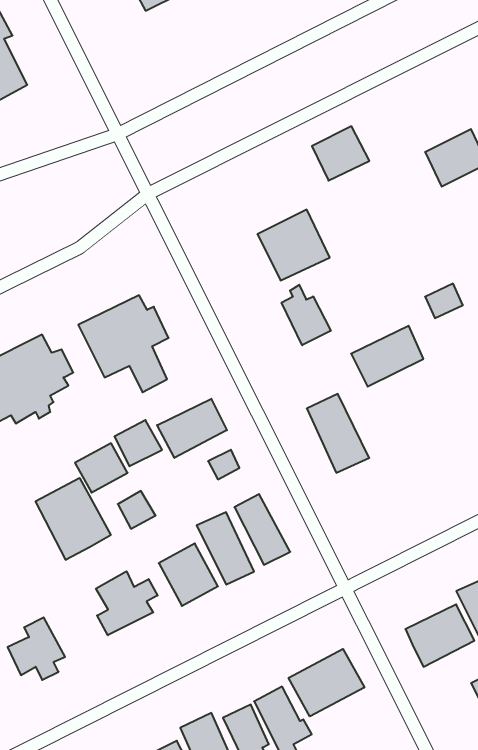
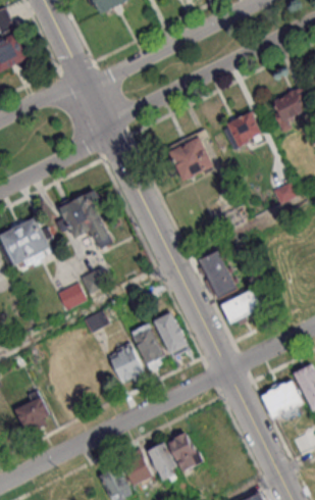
building: [312,126,369,181] -> [226,112,262,146]
building: [282,285,331,345] -> none
building: [351,326,423,387] -> [219,286,264,323]
building: [157,399,227,458] -> none
building: [36,478,111,560] -> none
building: [96,571,158,635] -> none
building: [289,649,364,716] -> none

